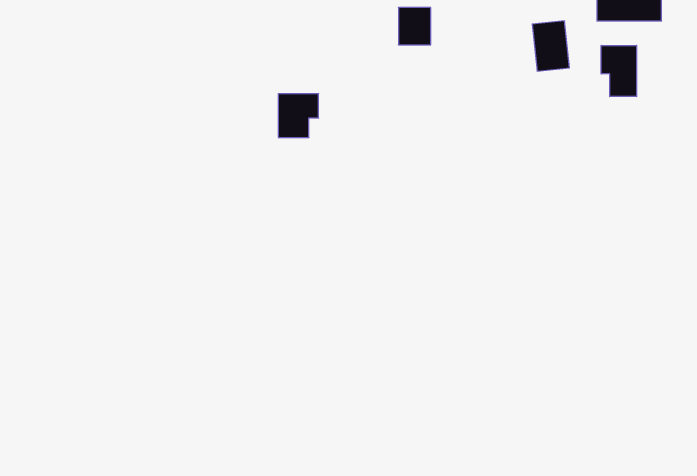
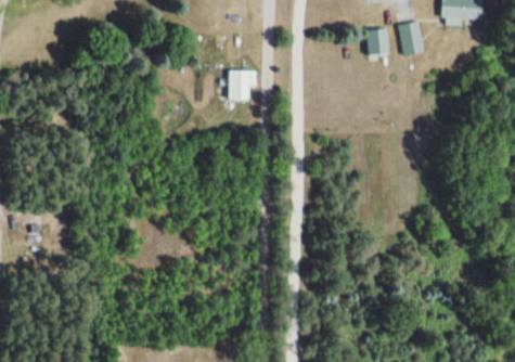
building: [398,8,431,45] -> [366,29,388,54]
building: [601,45,637,97] -> none

